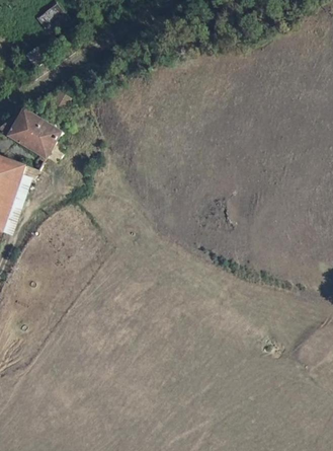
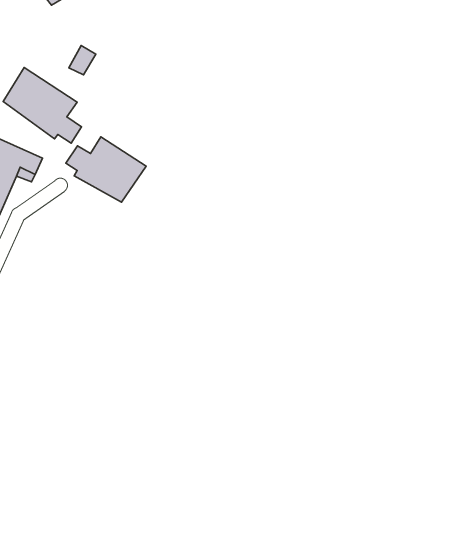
building: none -> [66,137,146,202]

